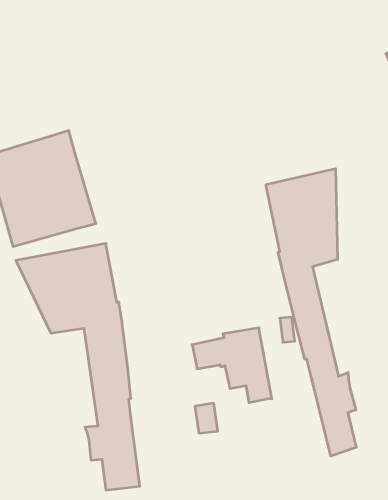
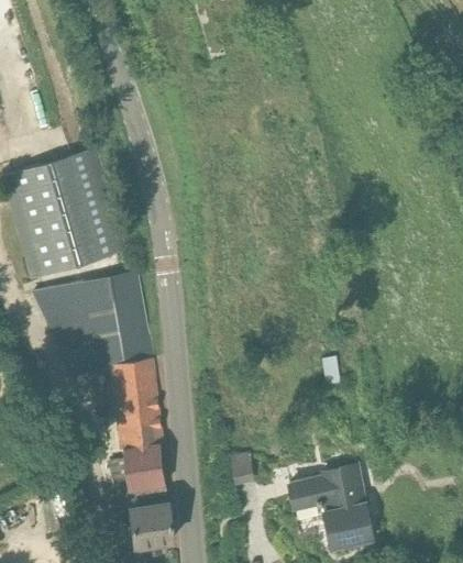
building: [266,169,356,456] -> none
building: [192,328,272,403] -> [285,463,373,545]

